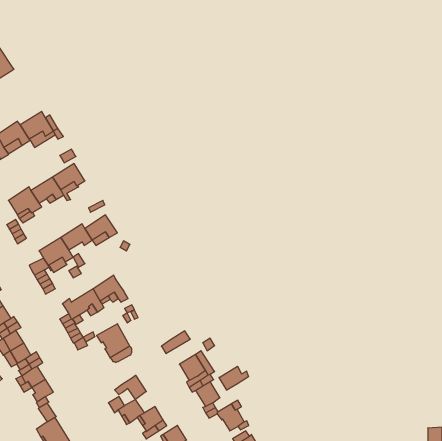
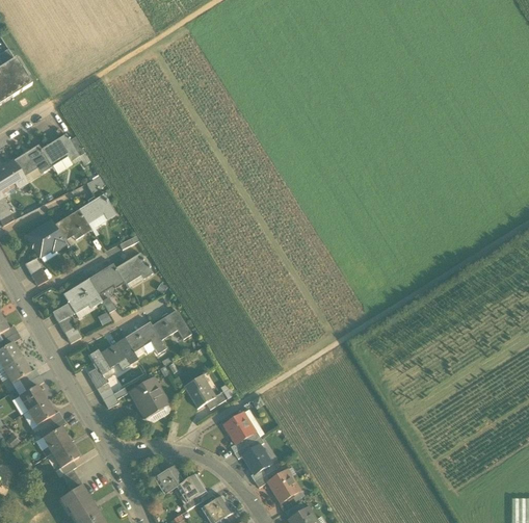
building: none -> [151,310,190,339]
building: none -> [184,374,214,407]
building: [219,366,249,390] -> none
building: [115,375,146,400] -> none

